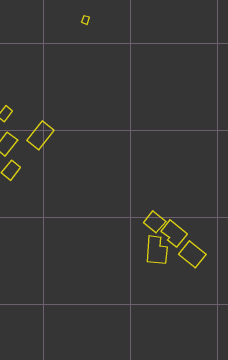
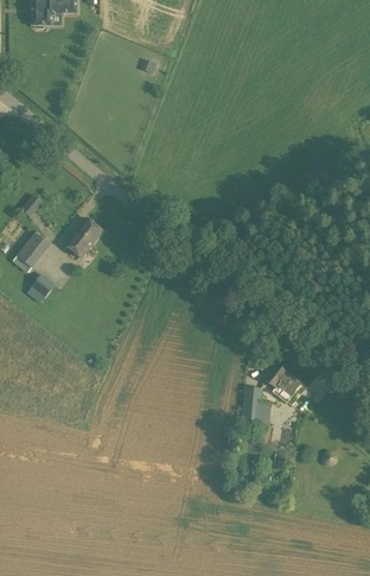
building: [144,211,166,233] -> none
building: [179,241,206,268] -> none

